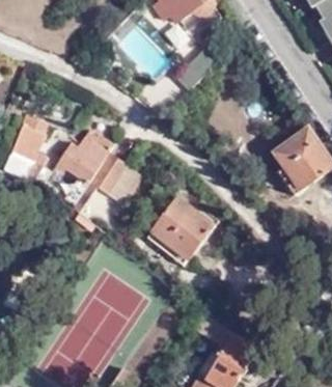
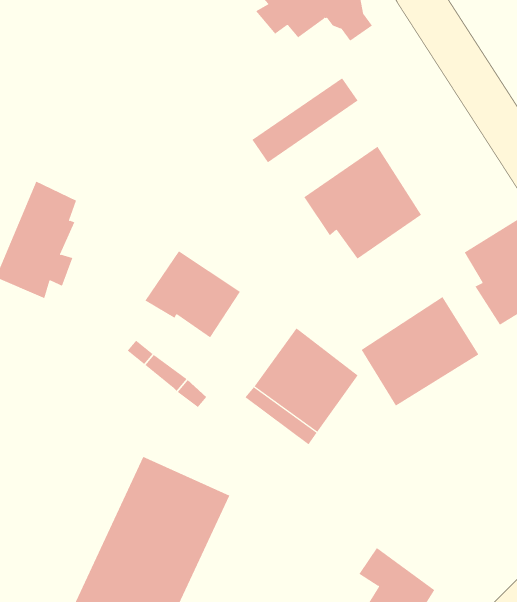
building: none -> [304,146,422,260]
building: [54,127,113,204] -> none
building: none -> [361,296,479,407]

